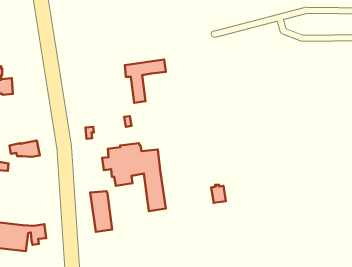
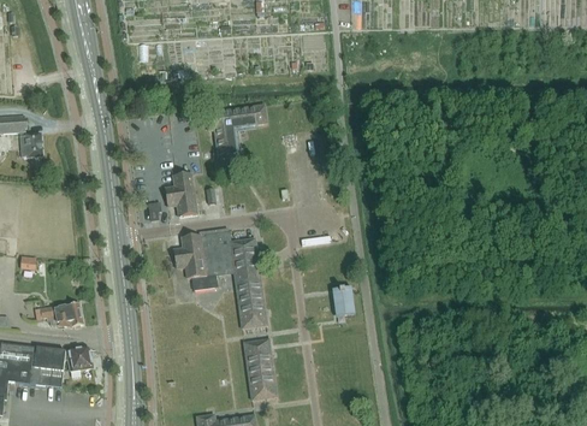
building: none -> [165,172,197,215]
building: [10,141,40,157] -> [40,301,84,325]
building: [90,191,112,232] -> [244,339,277,400]

